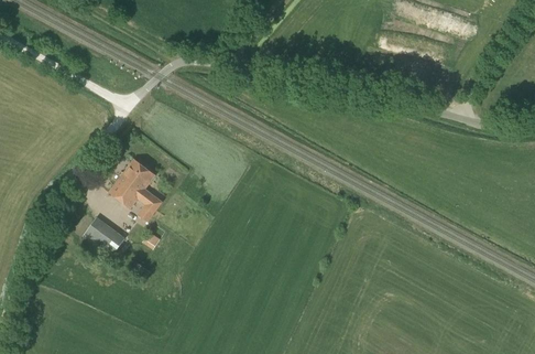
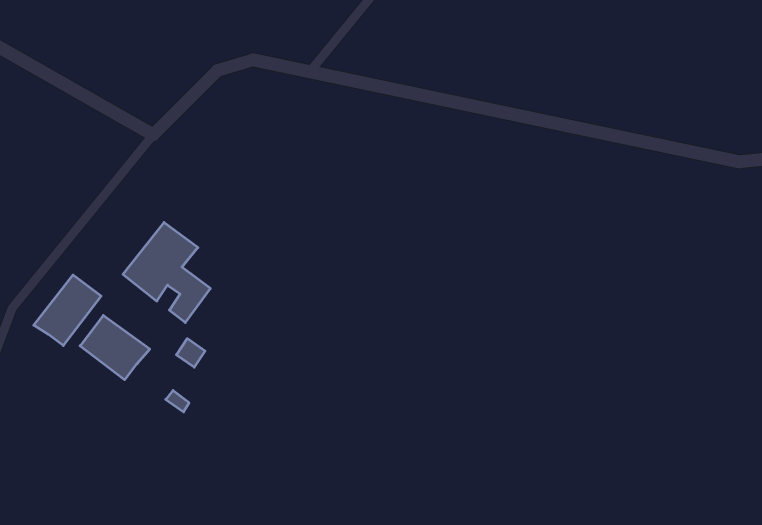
building: none -> [34,275,101,346]

